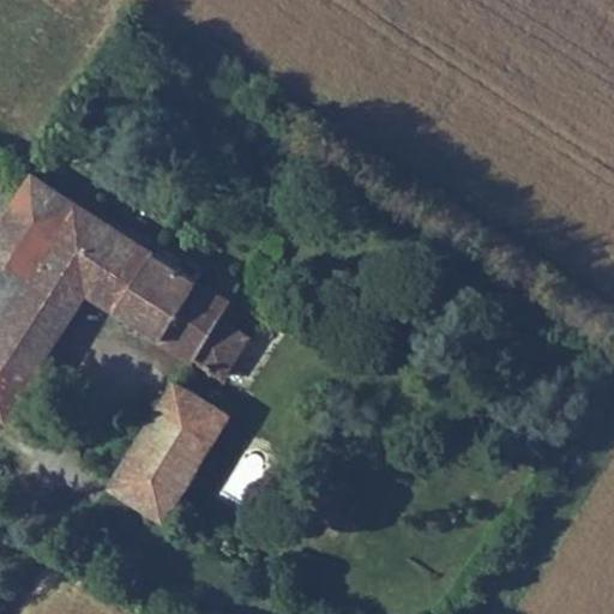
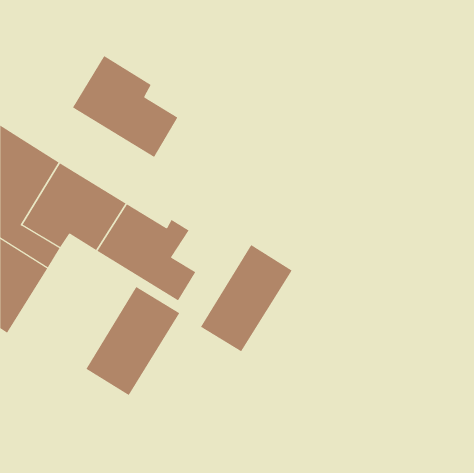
building: none -> [72,55,178,158]
building: none -> [200,244,292,352]

